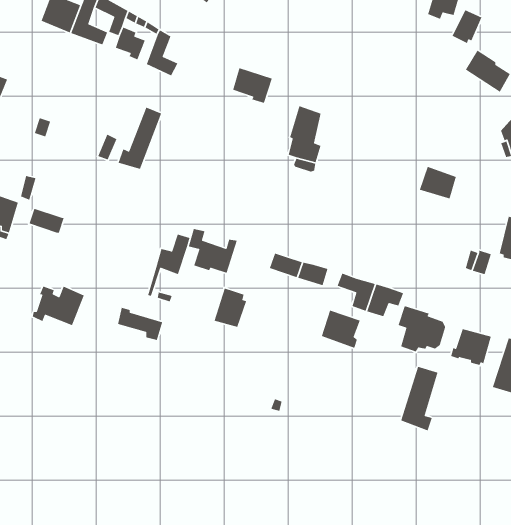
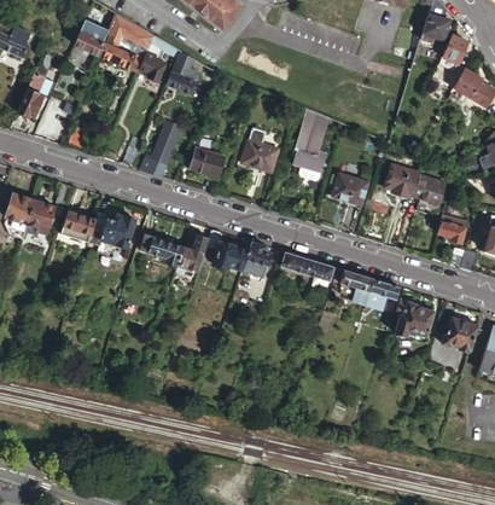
building: [232,67,273,104] -> [245,140,281,173]
building: none -> [193,149,227,178]
building: none -> [385,164,420,199]
building: none -> [333,174,369,205]
building: none -> [439,214,468,244]
building: [32,286,85,326] -> [87,211,134,248]
building: [213,287,247,328] -> [240,240,270,277]
building: [117,307,163,341] -> [140,234,181,265]
building: [321,310,361,349] -> none
building: [400,366,439,432] -> none

